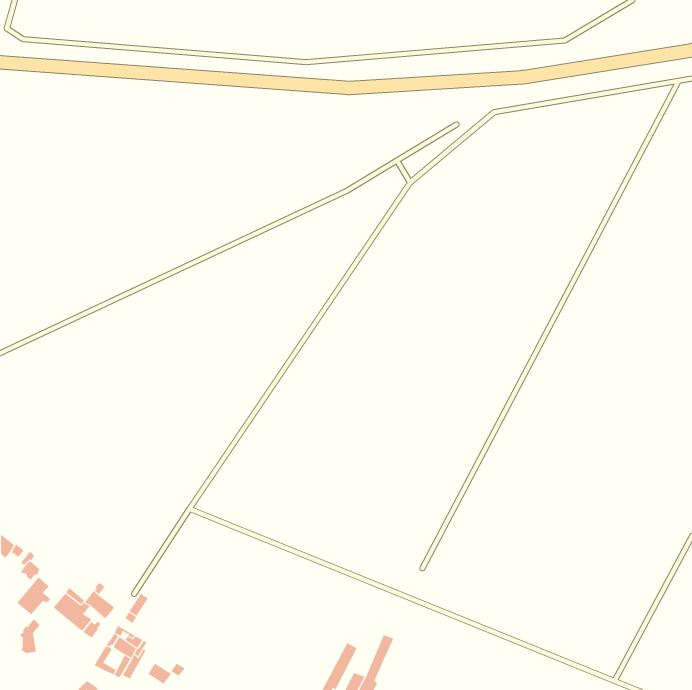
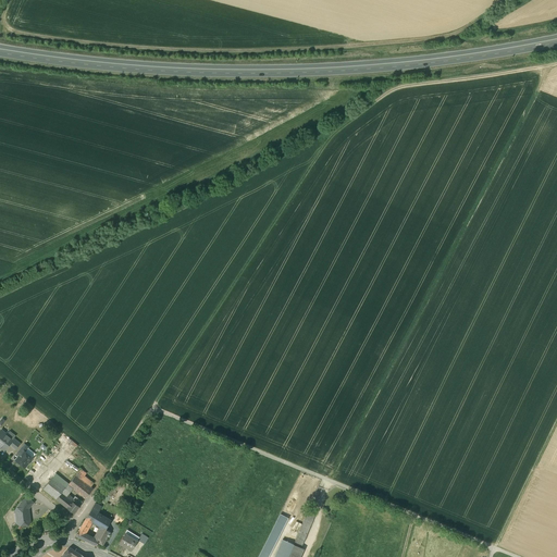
building: [16,576,52,615] -> none

